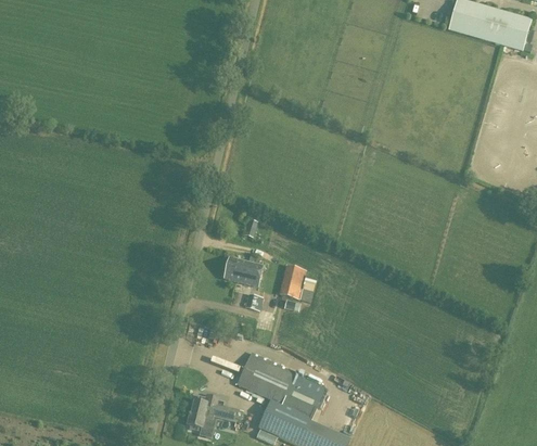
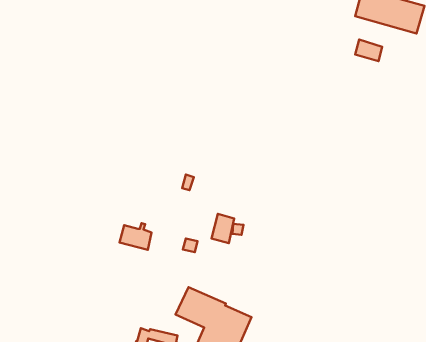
building: none -> [355,40,382,61]
building: [223,255,261,286] -> [120,223,152,250]

